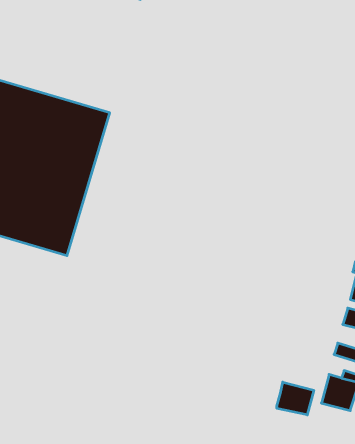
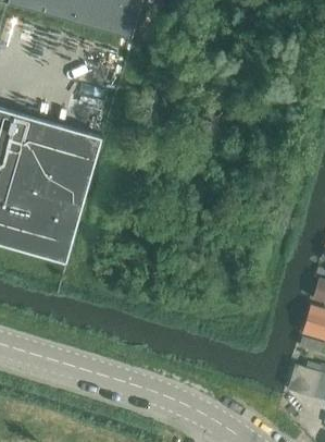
building: [277,382,314,415] -> none

